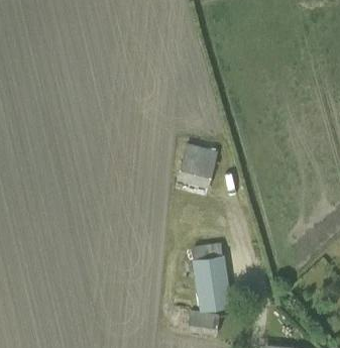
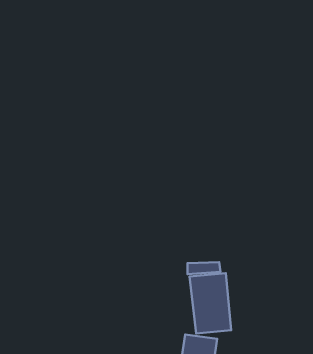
building: [178,142,218,187] -> none

